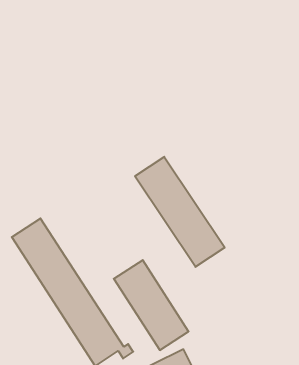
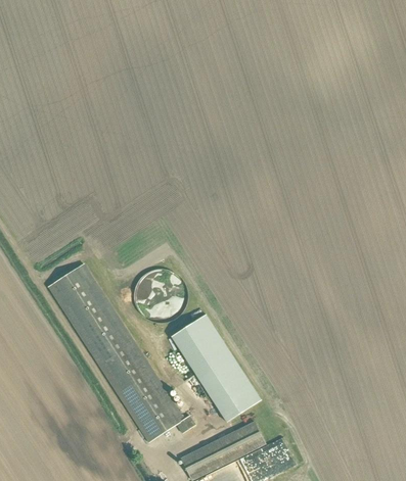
building: [135,157,225,267] -> none
building: none -> [138,272,182,319]

